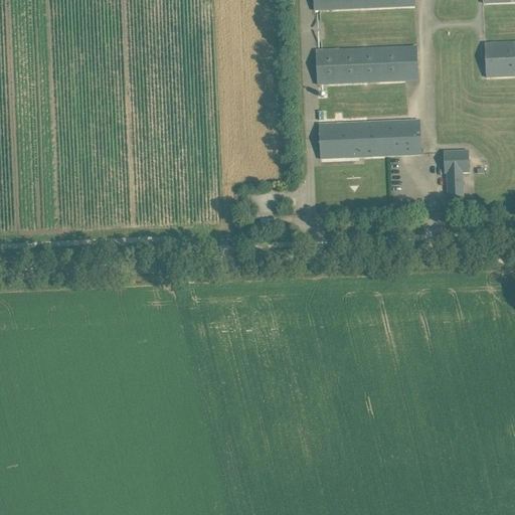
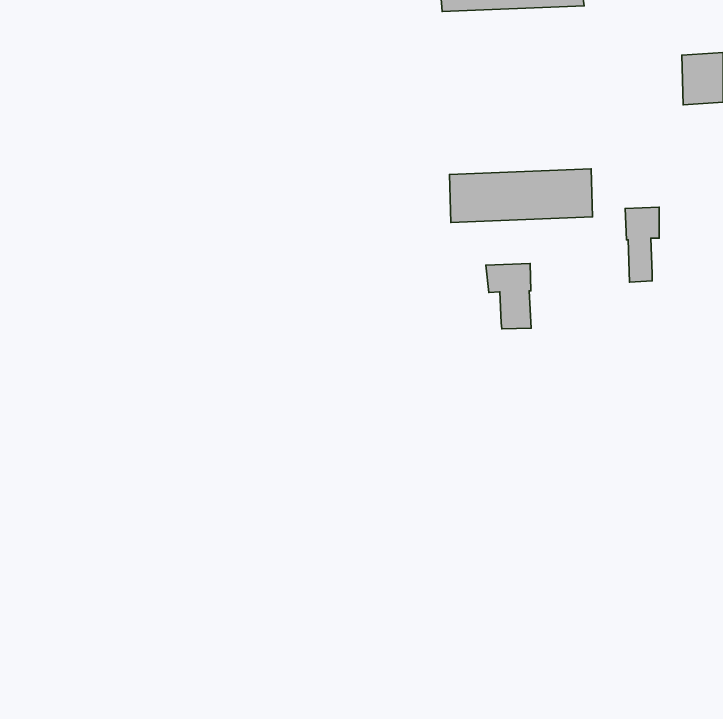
building: [315,44,417,82] -> none
building: none -> [486,263,531,329]

